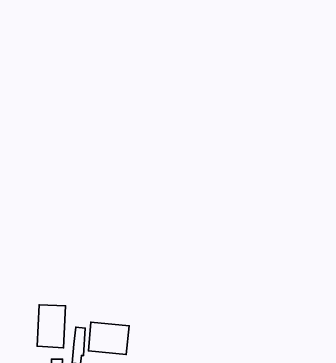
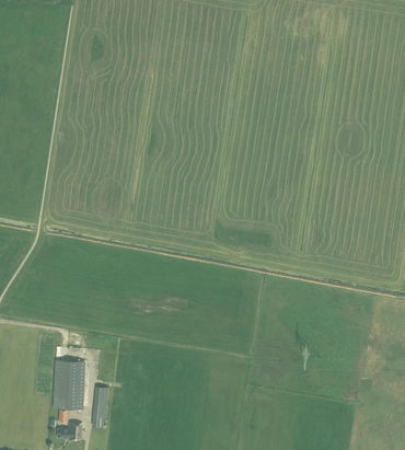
building: [89,322,129,355] -> none

